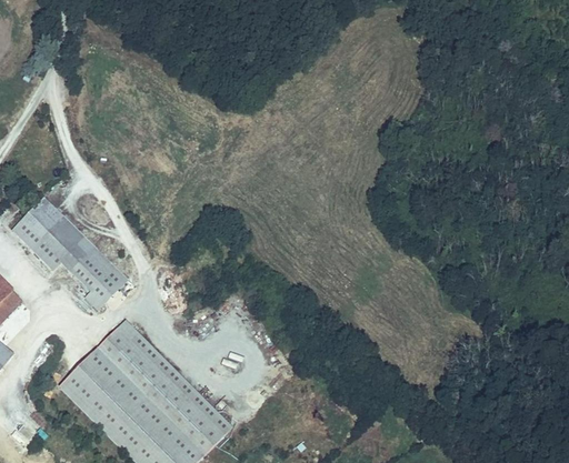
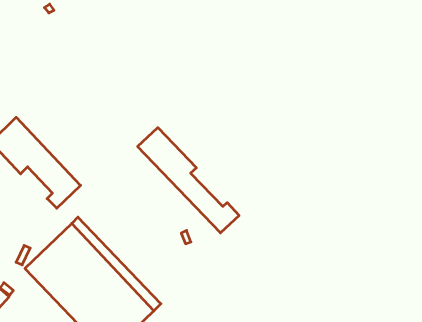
building: none -> [138,128,239,233]

